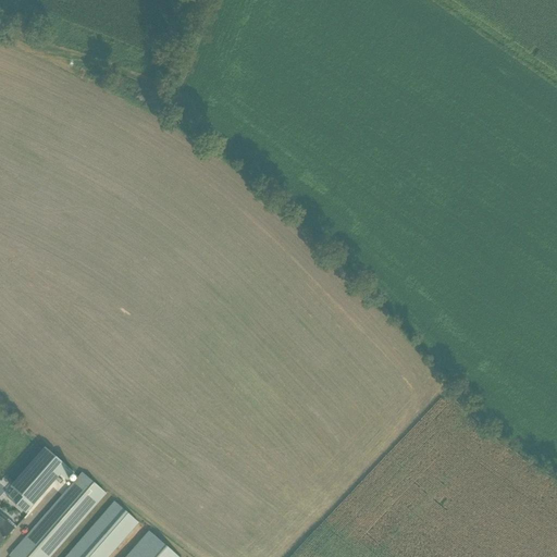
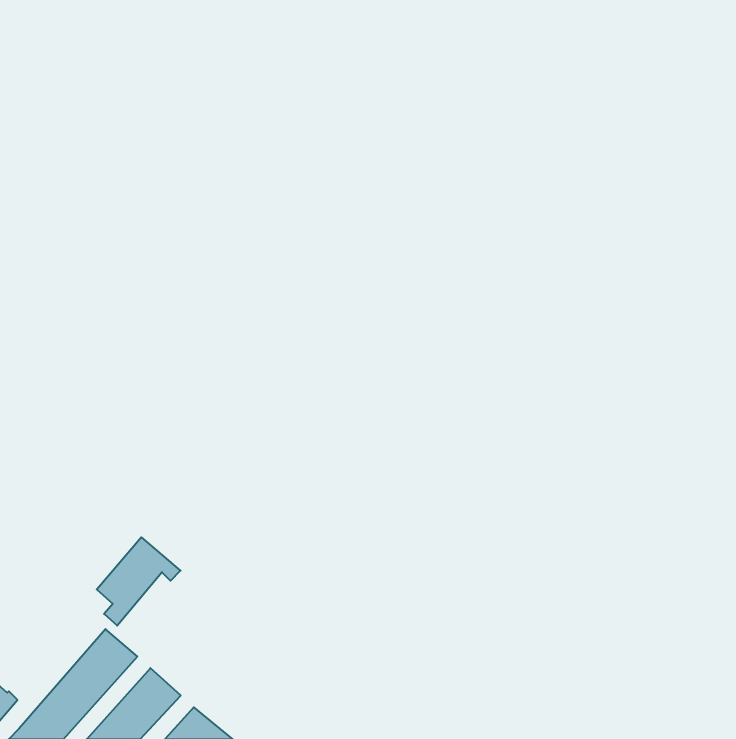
building: [9,448,72,515] -> [97,537,181,626]

